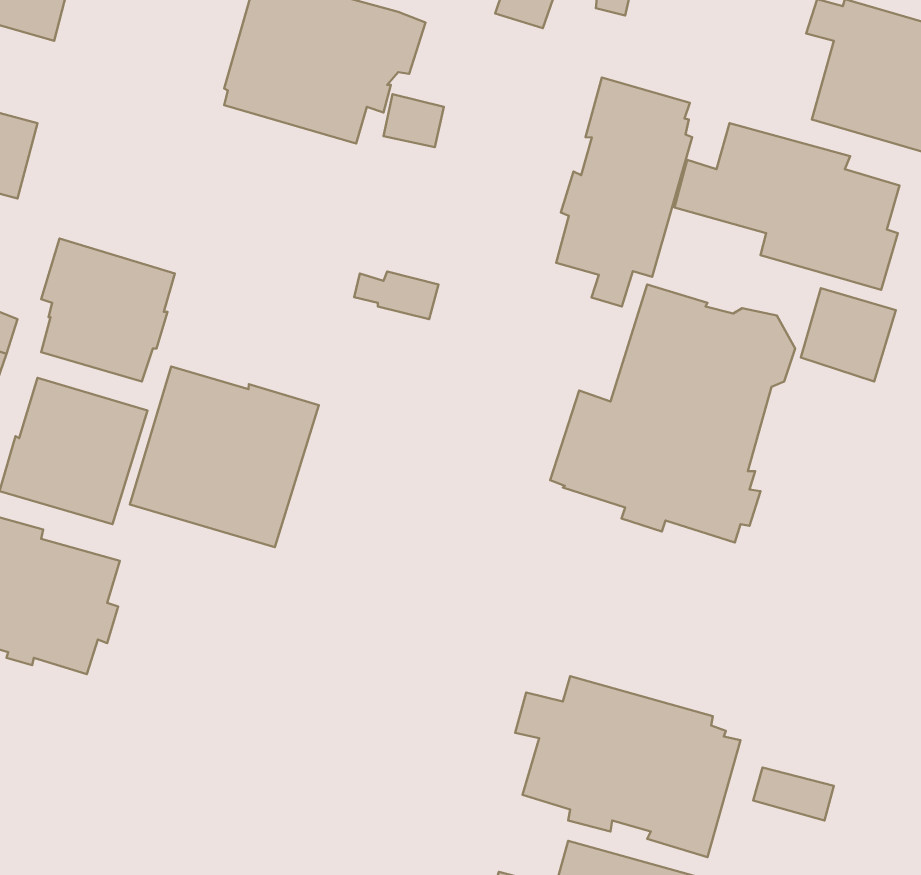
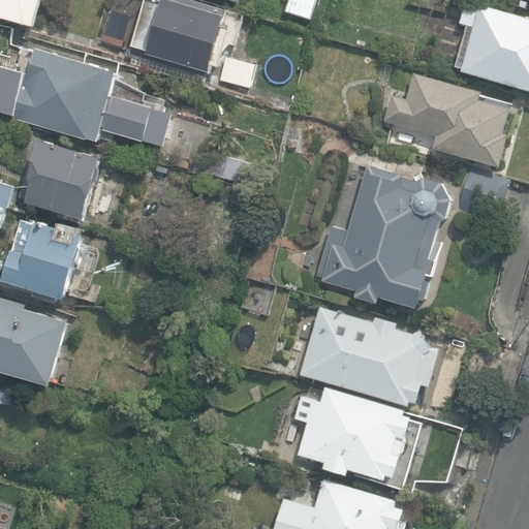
building: [556,77,692,307] -> none
building: none -> [12,49,174,148]
building: [130,366,319,547] -> none
building: none -> [298,308,438,407]

